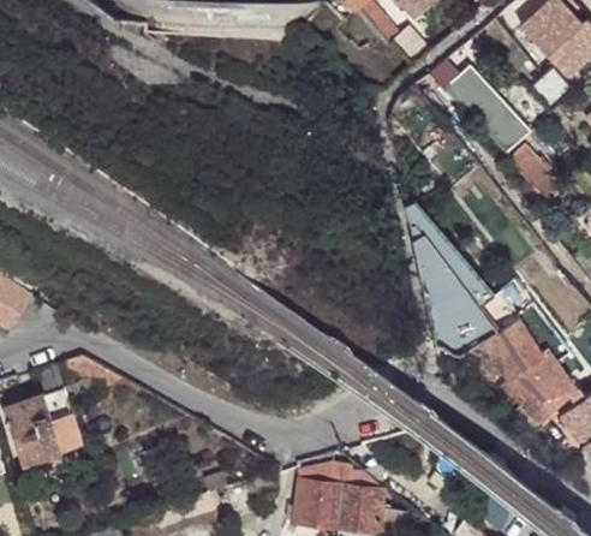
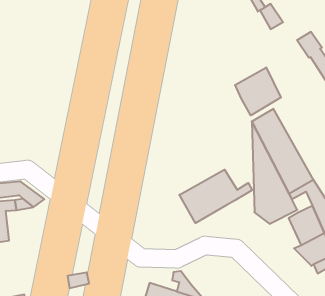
building: none -> [235,67,281,115]
building: none -> [179,170,252,223]

